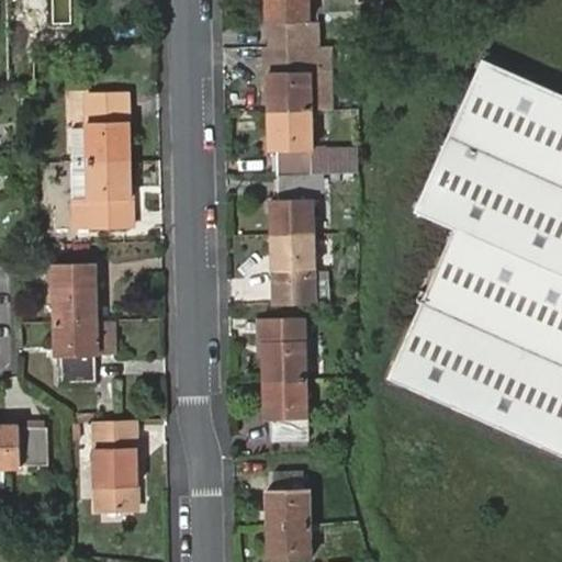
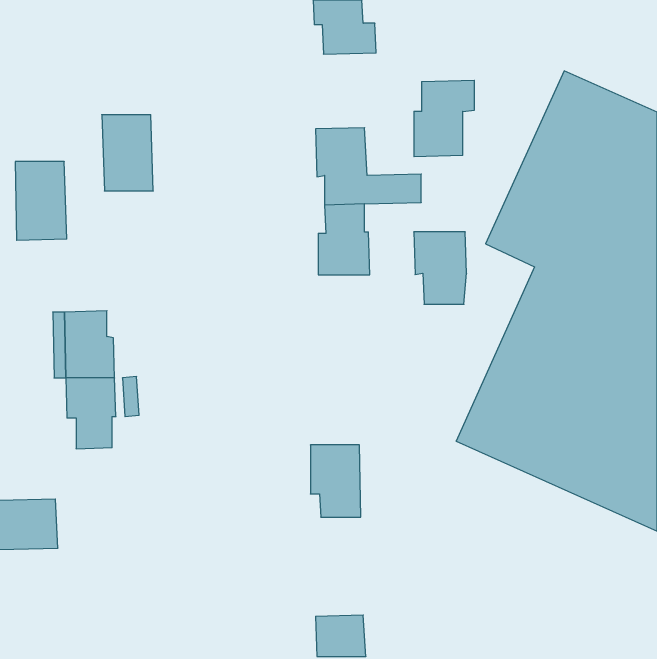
building: [269,45,321,110] -> [414,80,474,157]
building: [89,162,133,229] -> [15,162,67,240]
building: [271,234,316,295] -> [414,232,467,304]
building: [263,321,306,379] -> none
building: [95,419,138,509] -> none
building: [267,472,310,525] -> none

